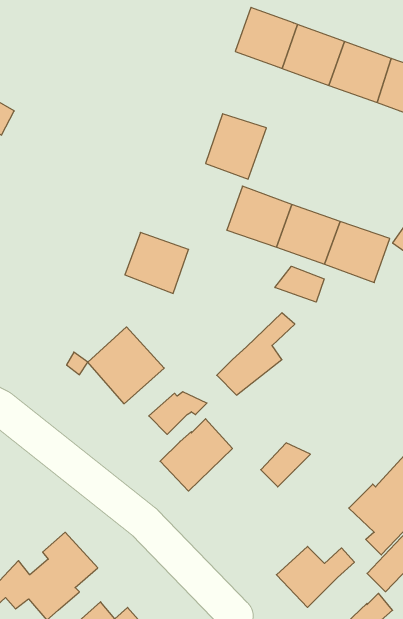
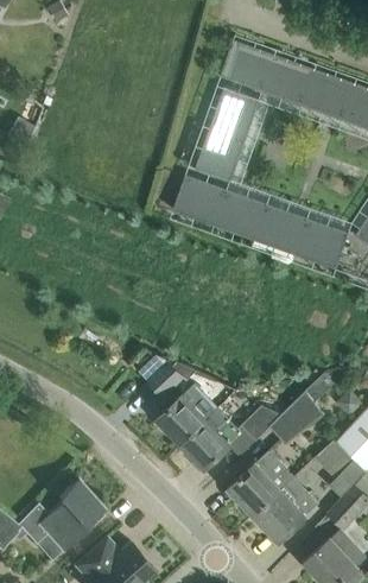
building: none -> [209,85,260,140]
building: [125,232,189,293] -> [172,175,226,226]
building: [275,266,324,302] -> none
building: [217,313,295,395] -> [269,374,335,443]
building: [88,327,164,404] -> none
building: none -> [180,408,241,469]
building: none -> [229,451,293,514]

